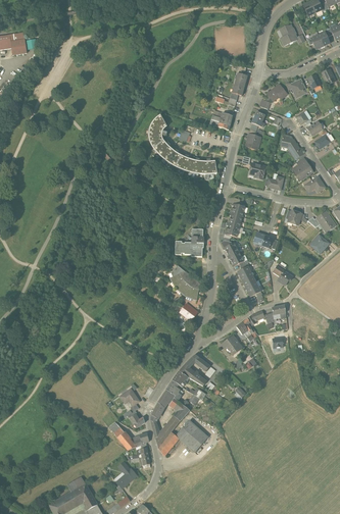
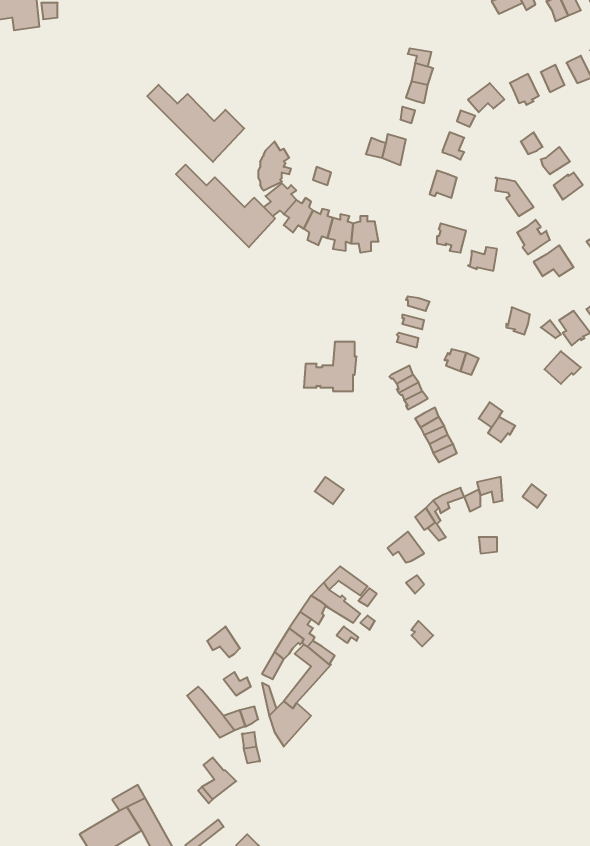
building: none -> [147,85,244,162]
building: none -> [176,165,275,247]
building: [171,264,200,299] -> none
building: [176,419,208,452] -> none

